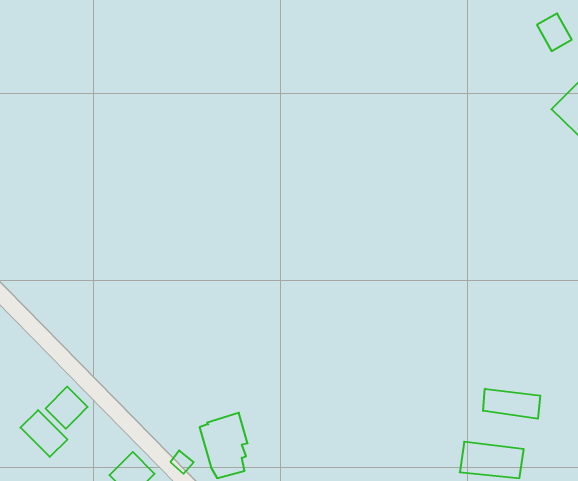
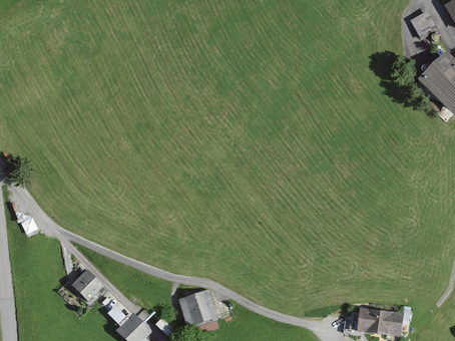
building: [483,389,540,419] -> none
building: [20,410,67,457] -> none

